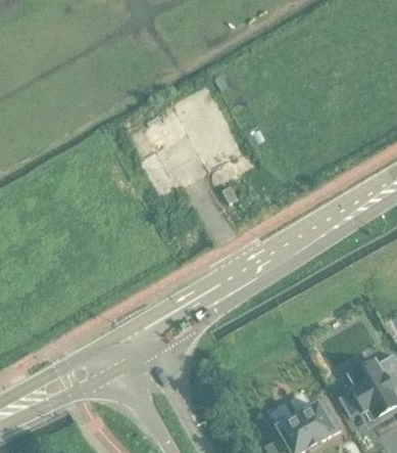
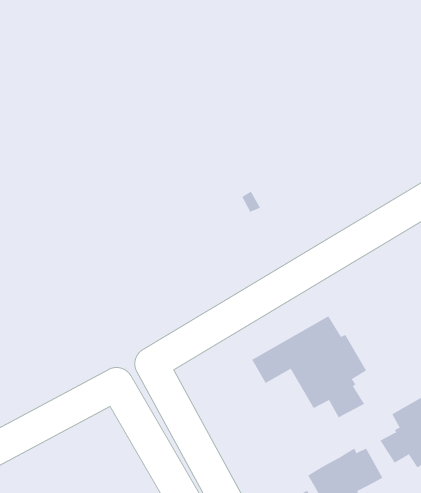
building: none -> [252,316,367,418]

